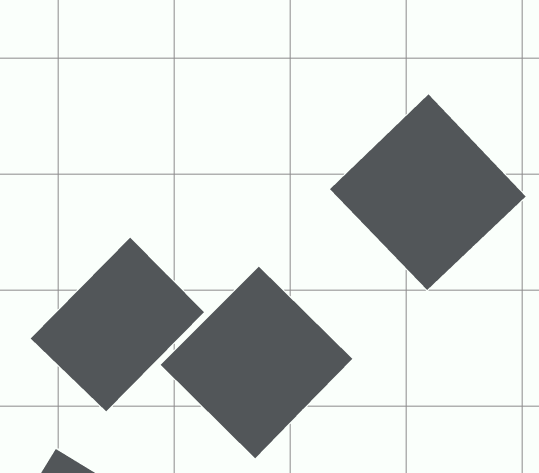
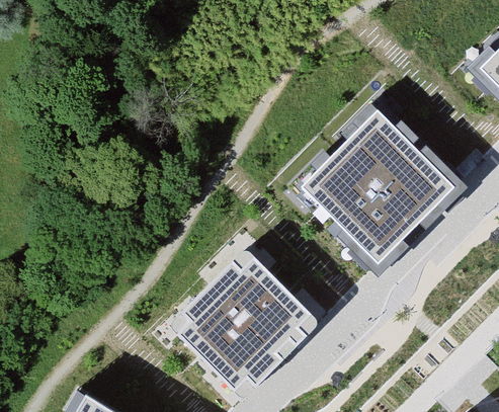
building: [30,237,205,412] -> none

